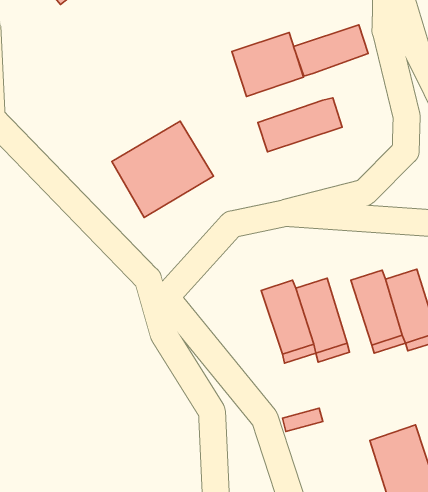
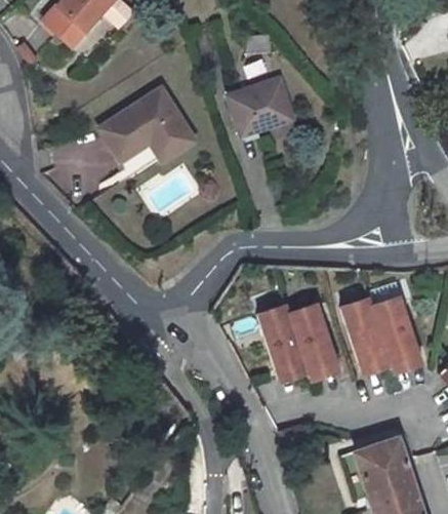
building: [294,25,368,76] -> none
building: [258,98,342,152] -> none
building: [112,121,214,218] -> [103,86,196,174]

